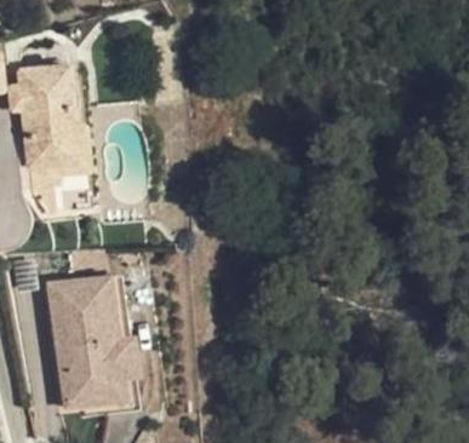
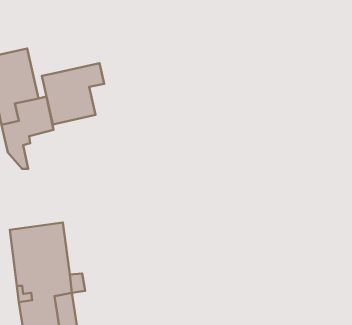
building: none -> [42,63,104,124]

